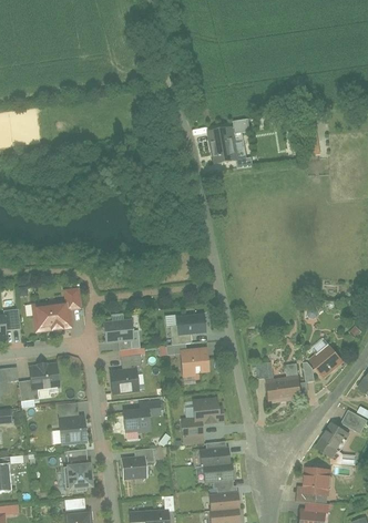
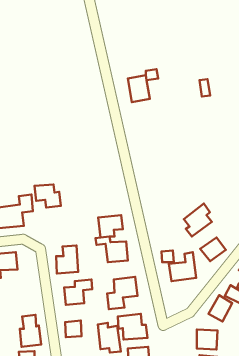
building: none -> [184,204,212,236]
building: [106,318,142,349] -> [35,184,61,207]
building: [59,401,86,440] -> none
building: none -> [98,323,121,352]

